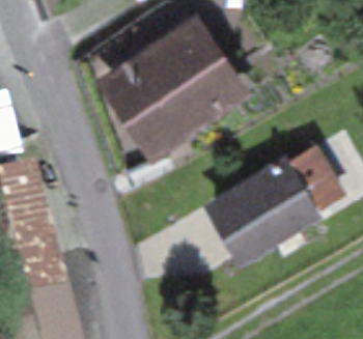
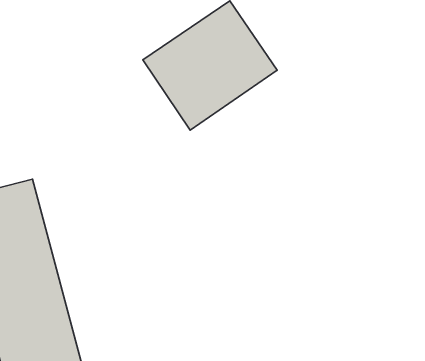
building: [226,149,338,253] -> none

